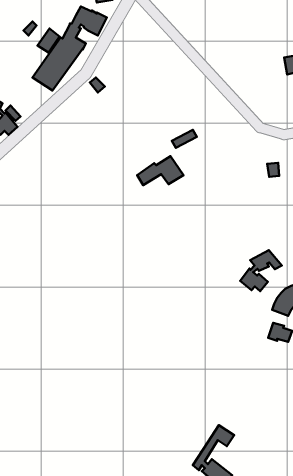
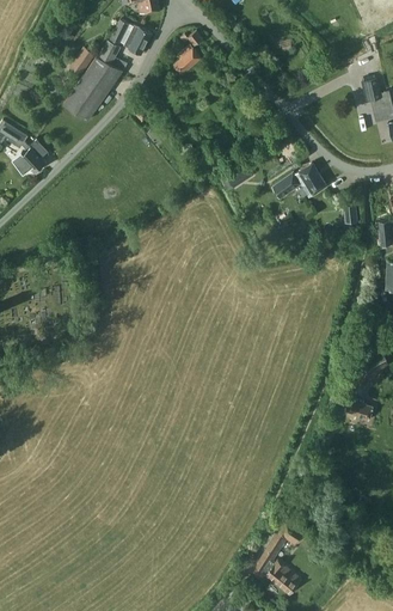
building: none -> [174,31,203,74]
building: [137,156,183,185] -> [272,164,327,198]
building: [240,250,282,291] -> none

